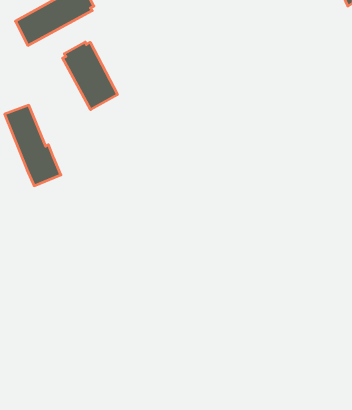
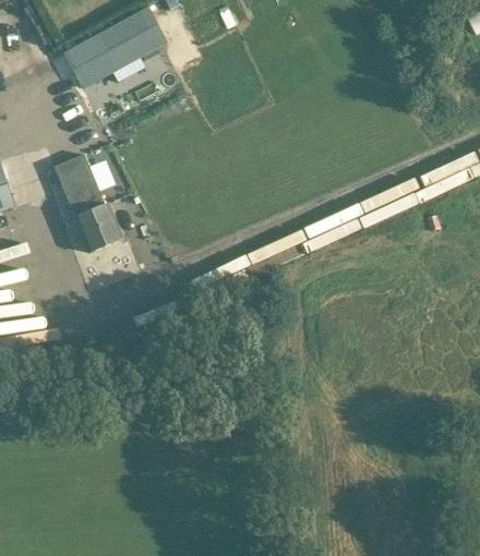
building: [63,42,117,110] -> none

